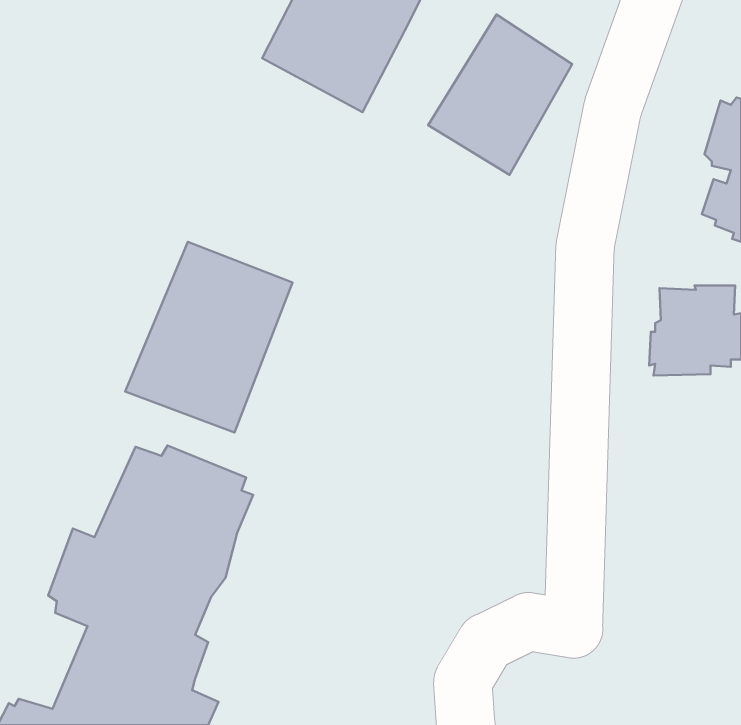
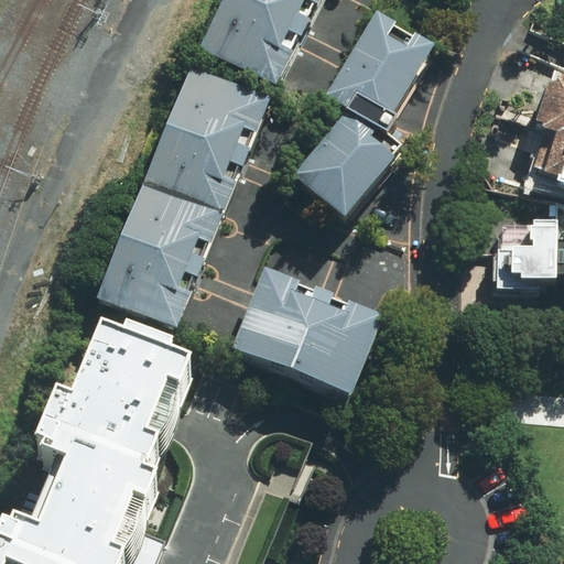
building: none -> [148,68,270,209]
building: none -> [292,111,398,217]
building: none -> [224,263,383,400]

